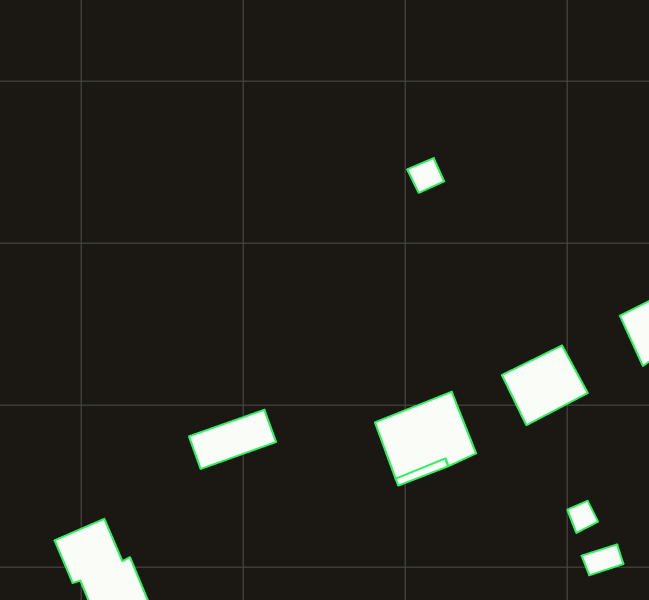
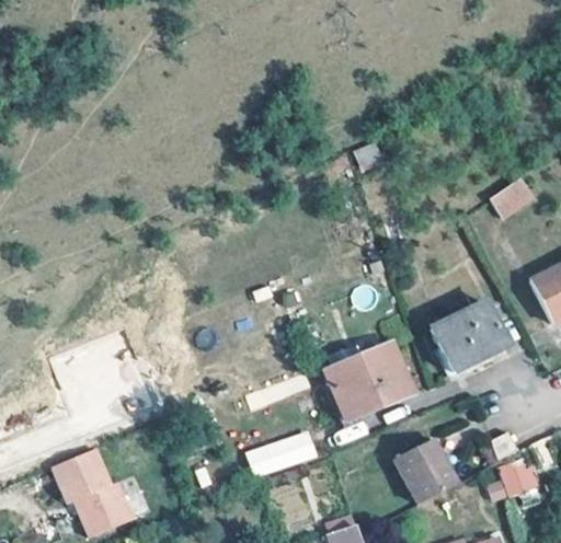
building: none -> [489,176,537,219]
building: [189,410,276,469] -> [244,428,319,478]
building: none -> [396,441,459,506]

